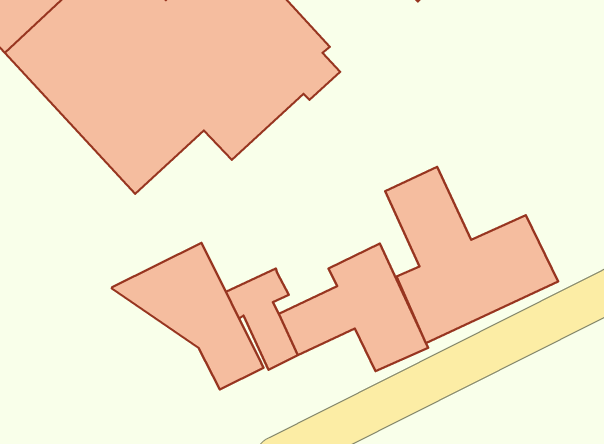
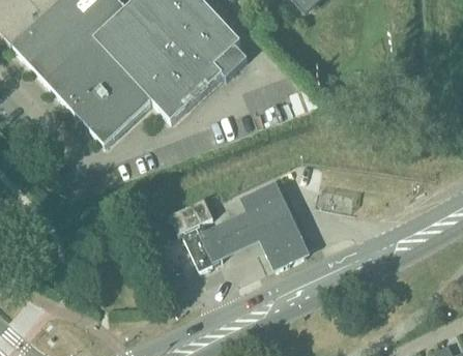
building: [385,167,558,343] -> none
building: [112,243,264,390] -> none

